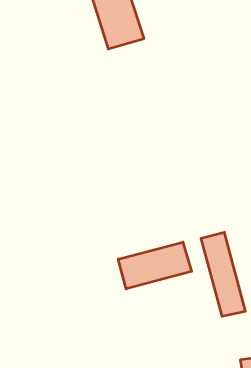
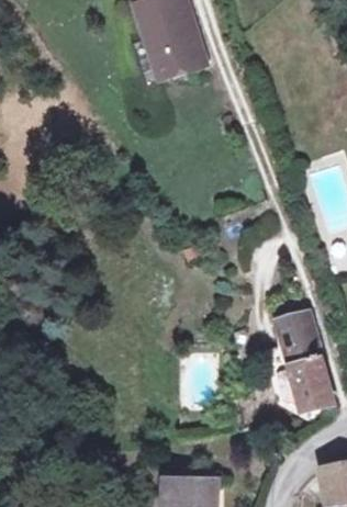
building: [118,242,192,289] -> none

